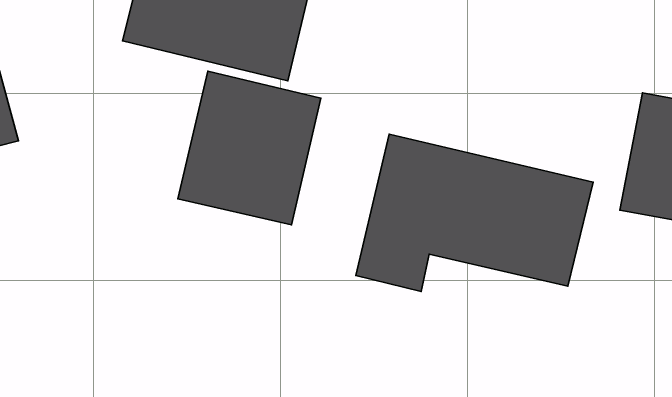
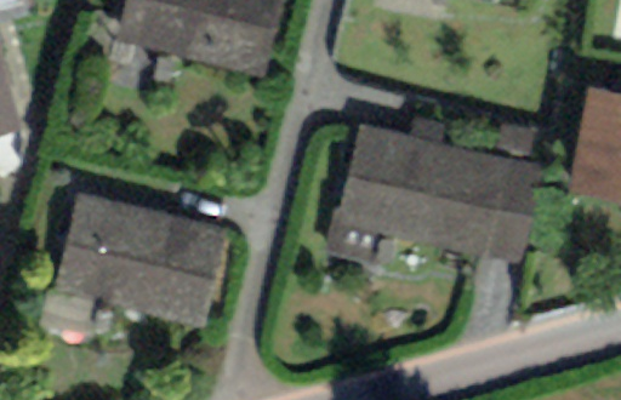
building: [178,71,321,225] -> none
building: none -> [52,194,226,327]

